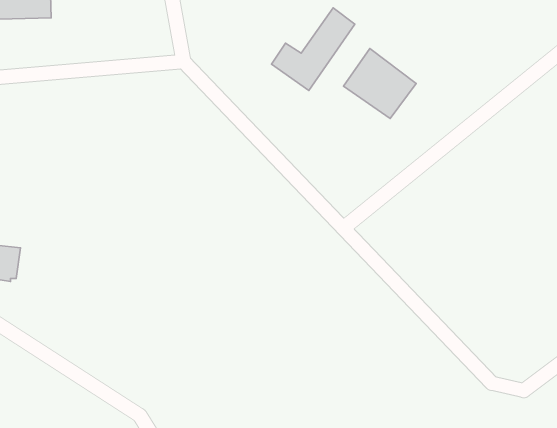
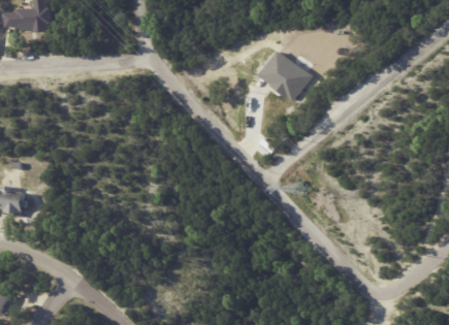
building: [272,8,355,91] -> none

